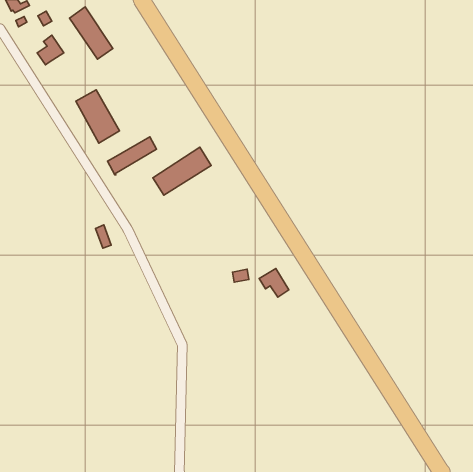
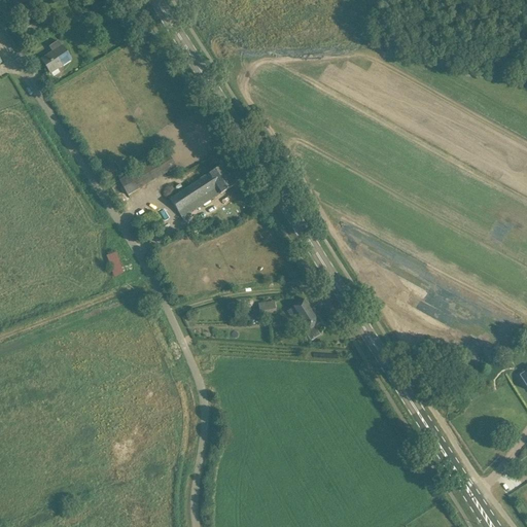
building: [69,7,113,59] -> none
building: [76,90,119,143] -> none

